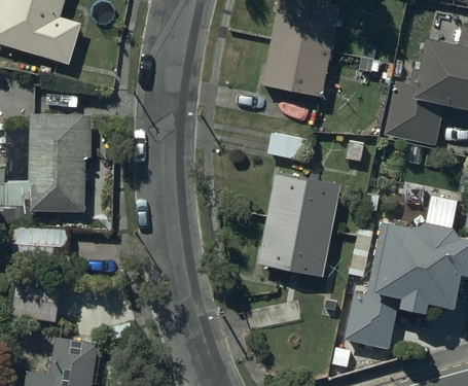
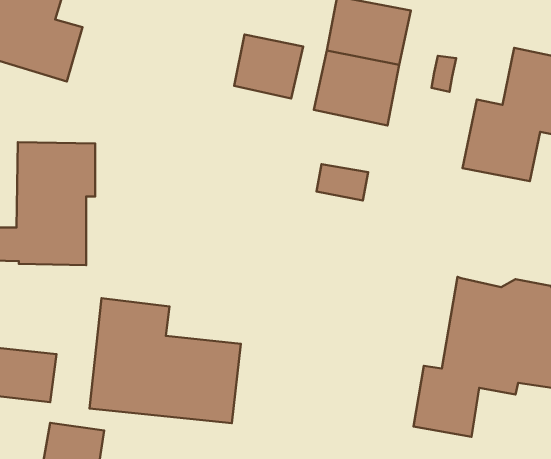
building: none -> [234,34,303,99]
building: [257,172,339,276] -> none
building: none -> [90,298,241,423]

